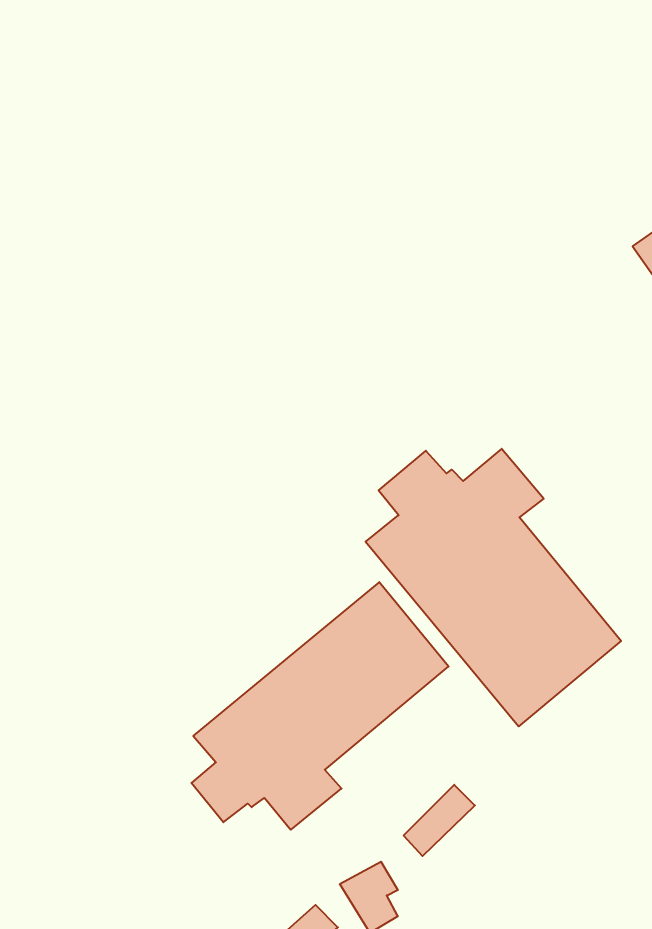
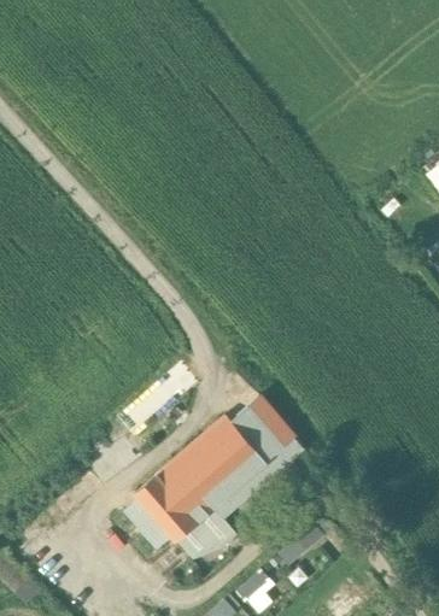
building: [366,449,621,726] -> none

